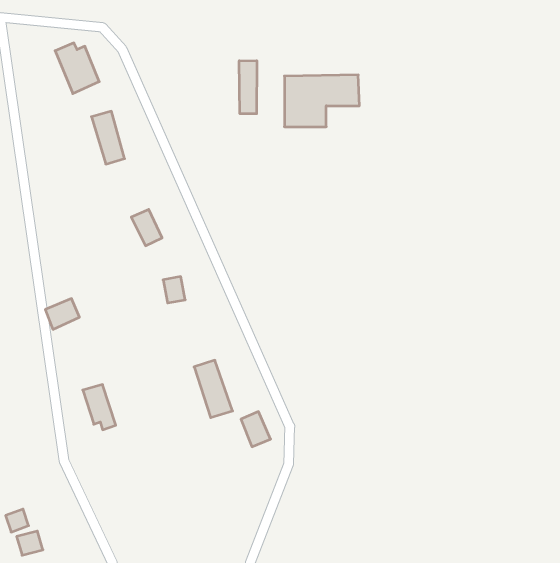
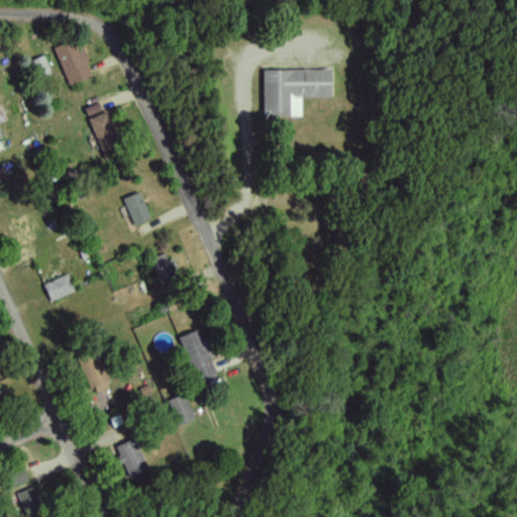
building: [239,61,257,114] -> none
building: [241,412,271,447] -> [168,394,195,426]
building: none -> [117,439,147,479]

